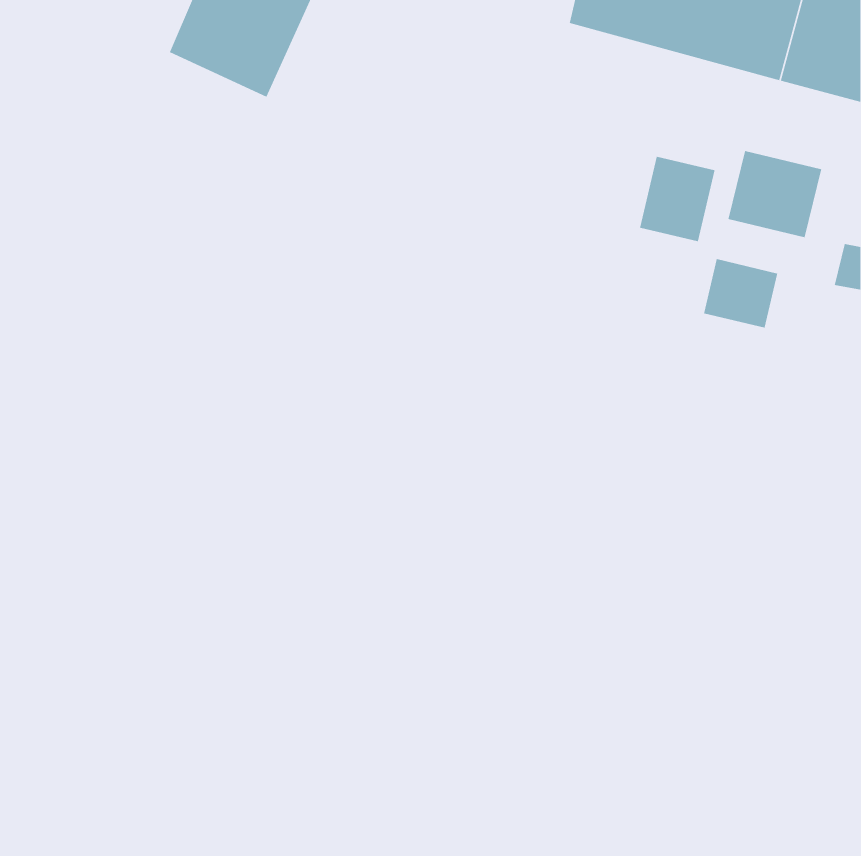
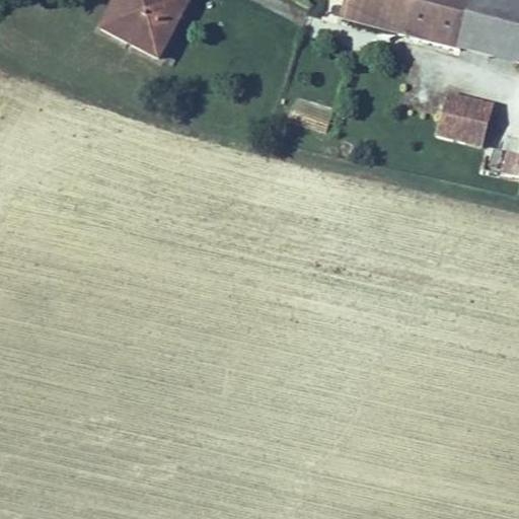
building: [639,156,715,242] -> none
building: [703,258,778,329] -> none

